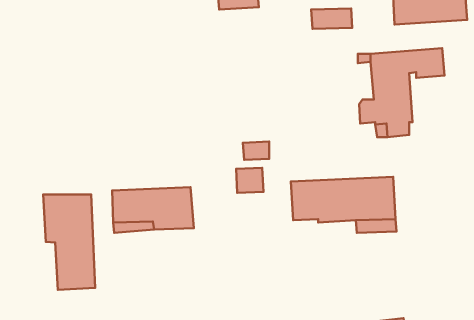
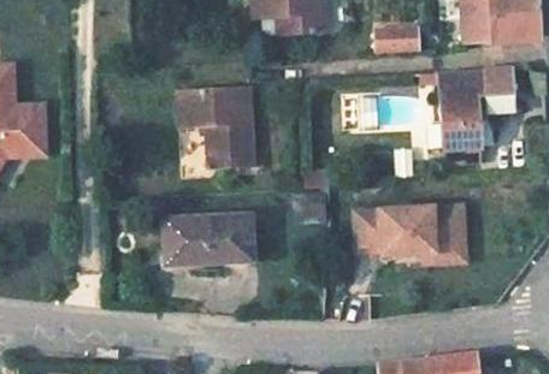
building: none -> [177,85,254,168]
building: [43,194,95,290] -> none

